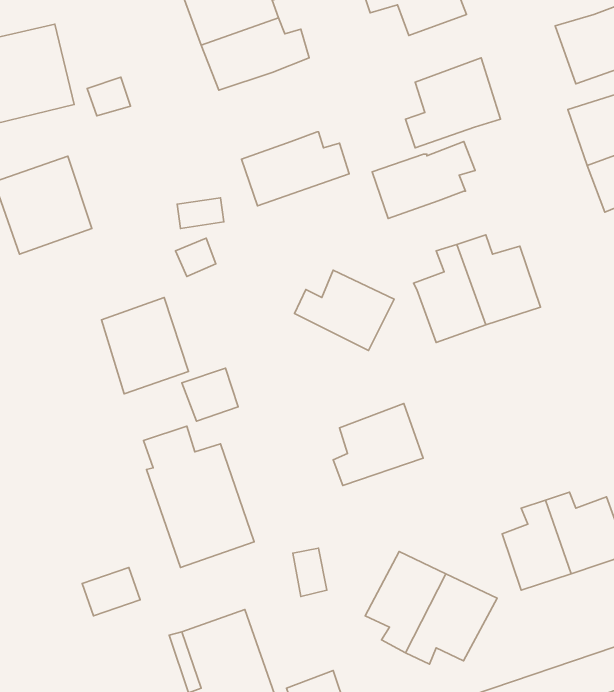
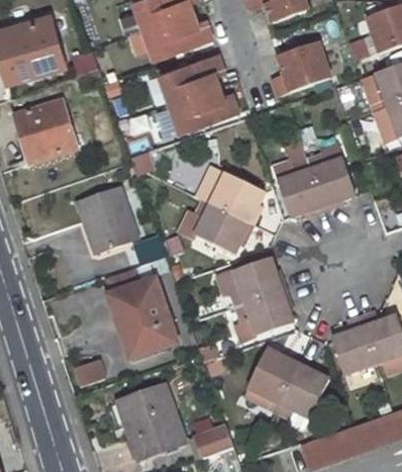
building: [372,141,475,219] -> [158,54,222,102]
building: none -> [194,199,247,253]
building: none -> [231,290,293,337]

